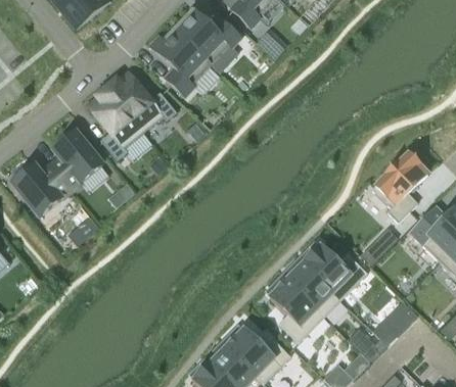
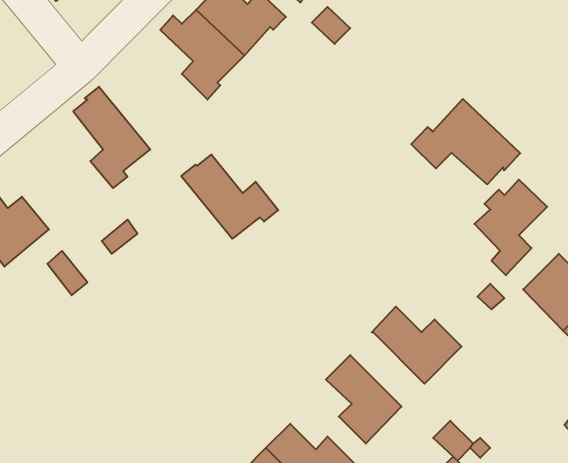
building: [106,71,176,132] -> [181,155,278,239]
building: none -> [411,99,520,184]
building: [51,131,102,189] -> none
building: [286,262,339,316] -> none
building: [382,300,417,335] -> none

